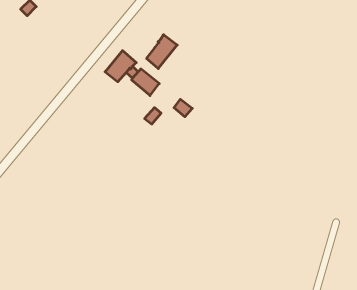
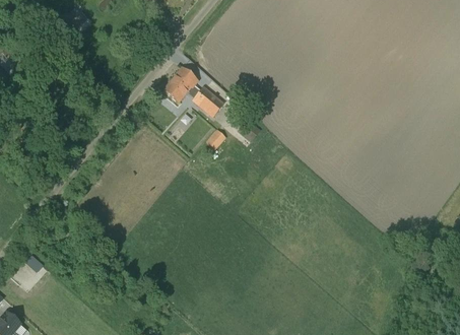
building: [147,35,177,69] -> none

